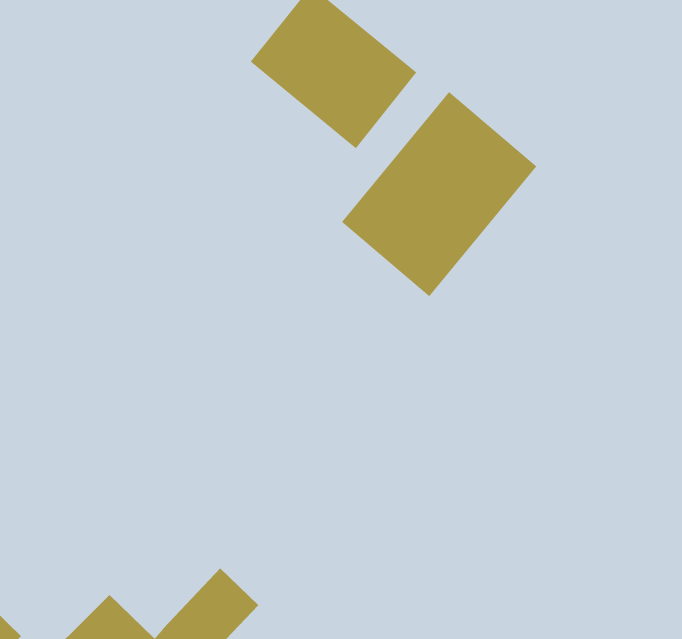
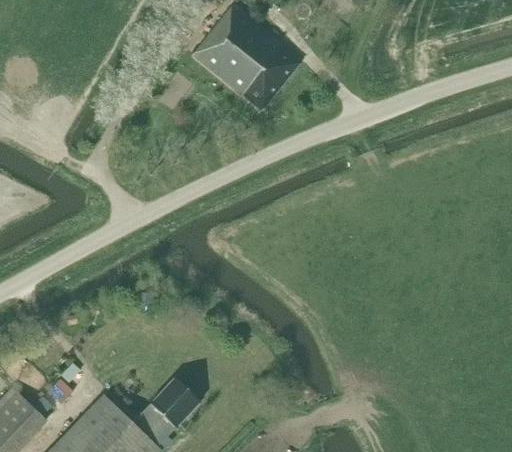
building: [341,91,537,297] -> none

